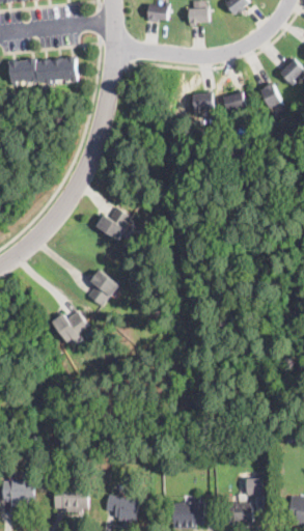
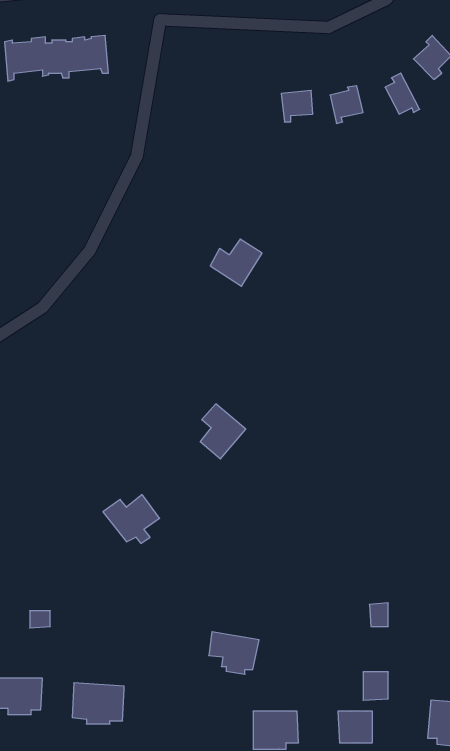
building: [96,206,131,237] -> [210,239,262,286]
building: [89,269,119,305] -> [200,404,246,459]
building: [52,310,89,342] -> [103,495,160,543]
building: [106,495,139,523] -> [209,632,259,674]

